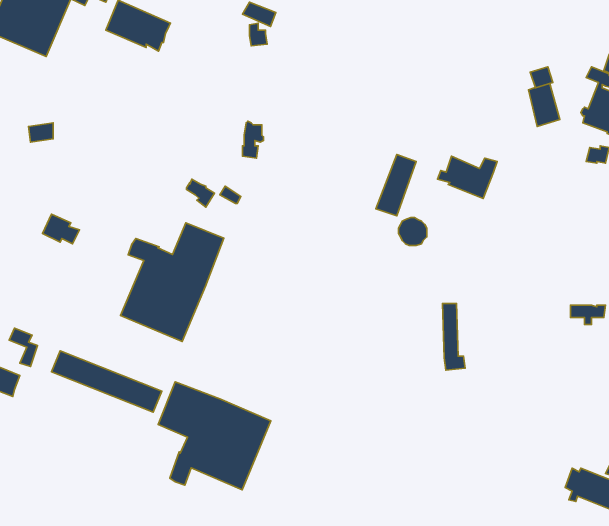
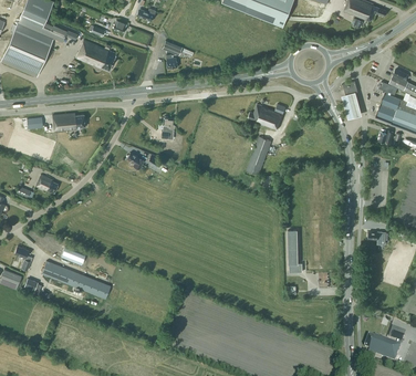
building: none -> [52,113,85,132]
building: [437,156,497,198] -> [248,103,285,129]
building: [121,223,224,341] -> none
building: [158,382,271,490] -> none

